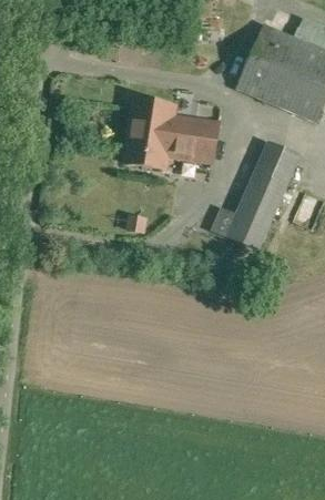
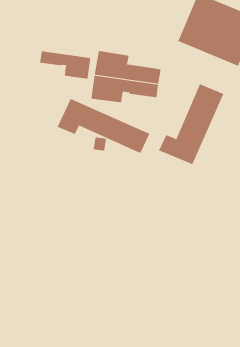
building: none -> [40,51,91,80]
building: none -> [57,98,150,154]

